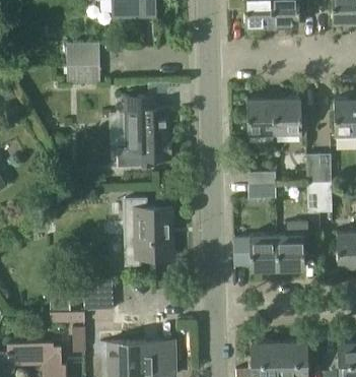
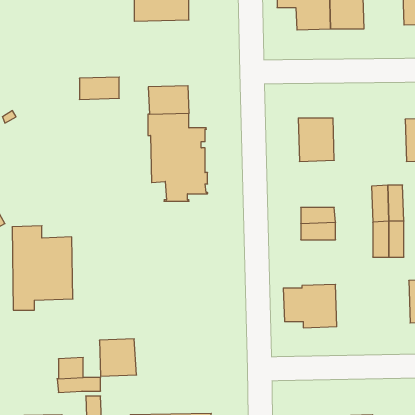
building: [67,44,100,67] -> [148,86,189,114]
building: [275,99,307,134] -> none
building: [124,198,173,267] -> [12,226,73,310]
building: [277,224,309,270] -> none

